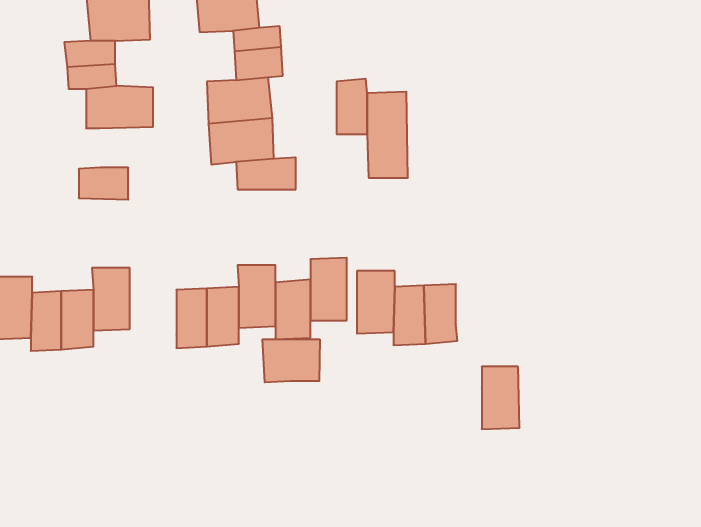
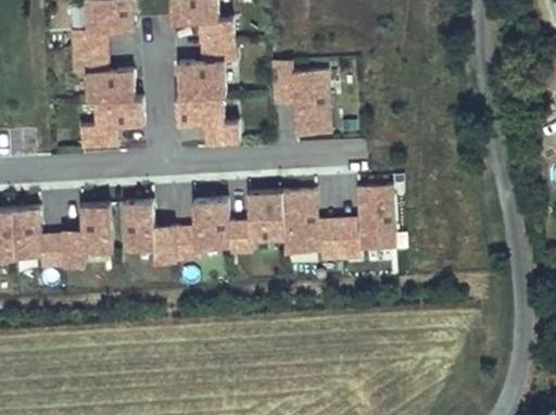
building: none -> [96,98,147,128]
building: none -> [125,207,154,254]
building: [263,339,320,382] -> none
building: [482,367,520,429] -> [362,199,390,246]

